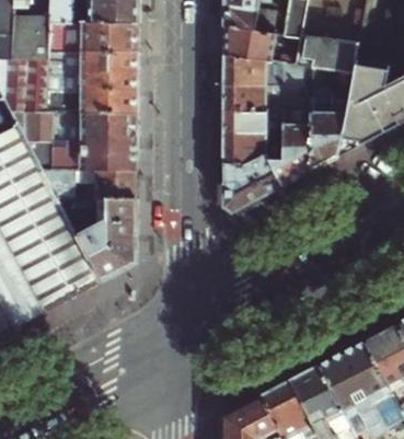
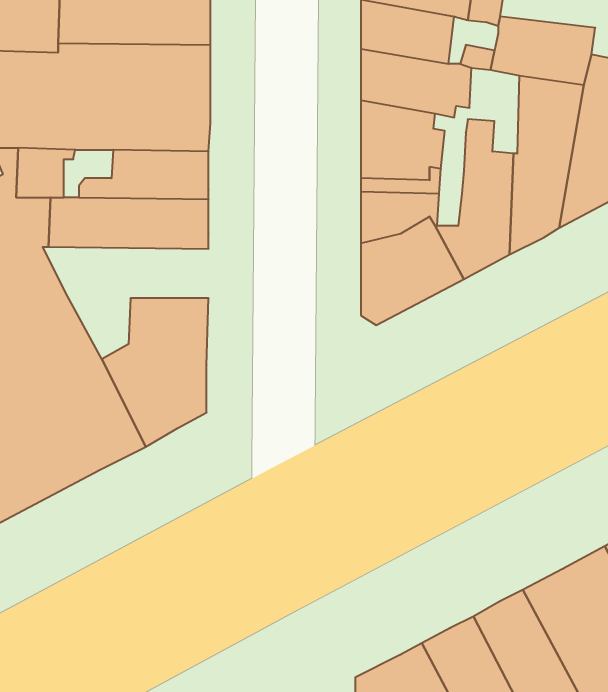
building: [39,167,135,197] -> none

